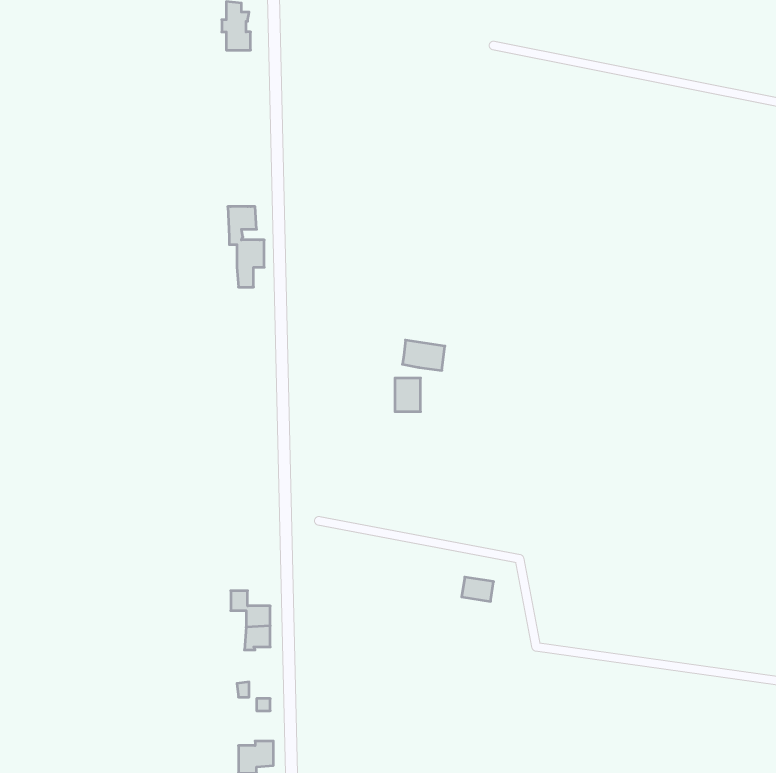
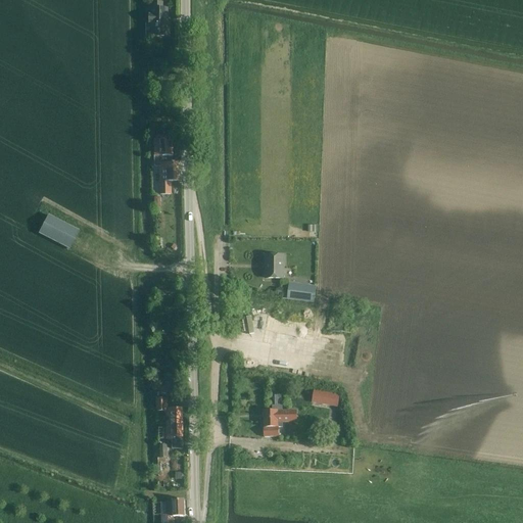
building: none -> [38,215,78,247]
building: [402,340,445,370] -> [286,281,315,301]
building: none -> [264,403,296,435]

